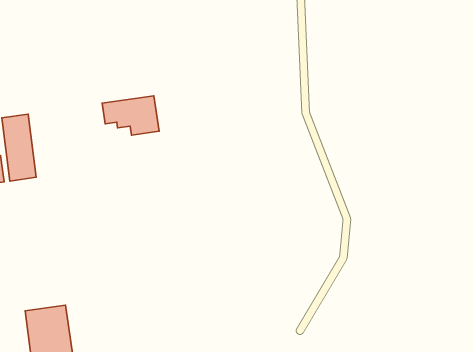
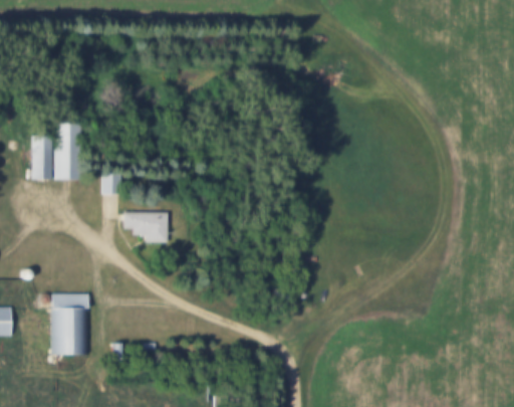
building: [102,96,159,135] -> [122,212,168,243]

